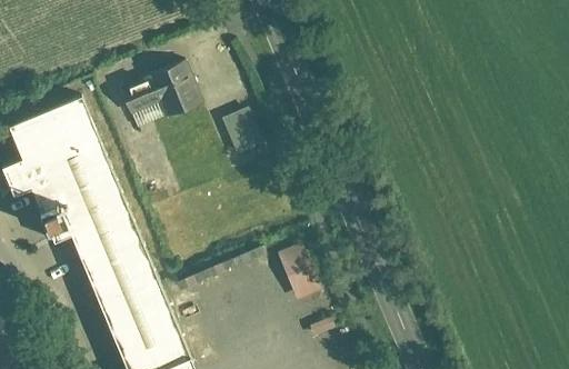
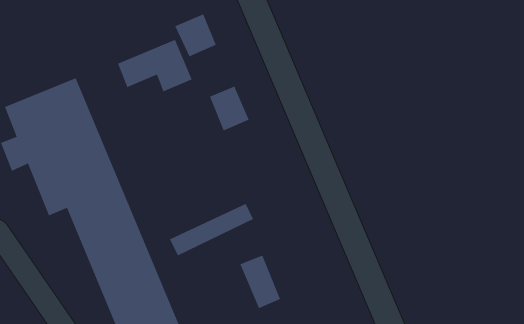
building: none -> [174,14,217,57]
building: [277,242,320,299] -> [239,255,281,309]

